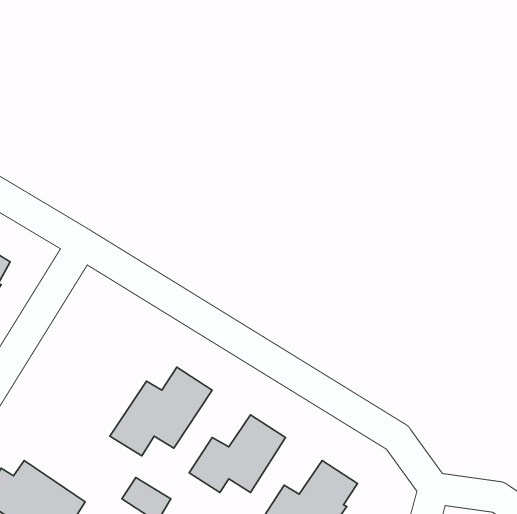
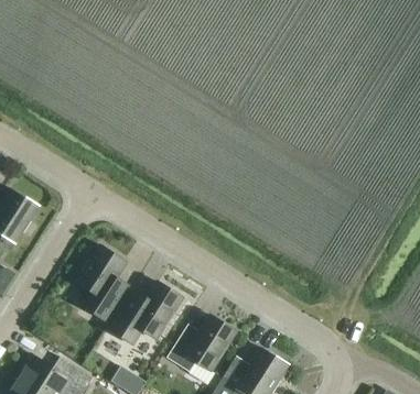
building: none -> [77,244,127,320]

